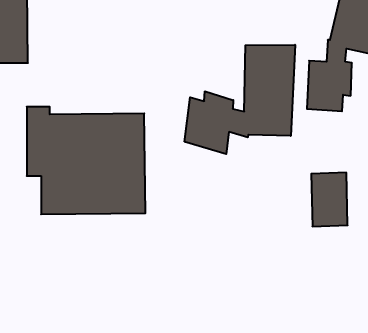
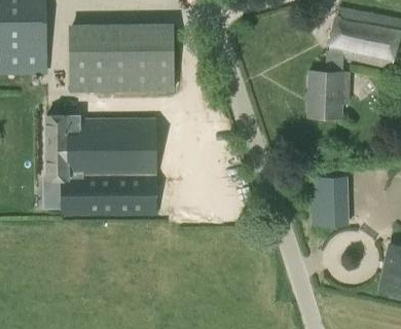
building: none -> [70,28,173,92]
building: [185,45,295,154] -> none

